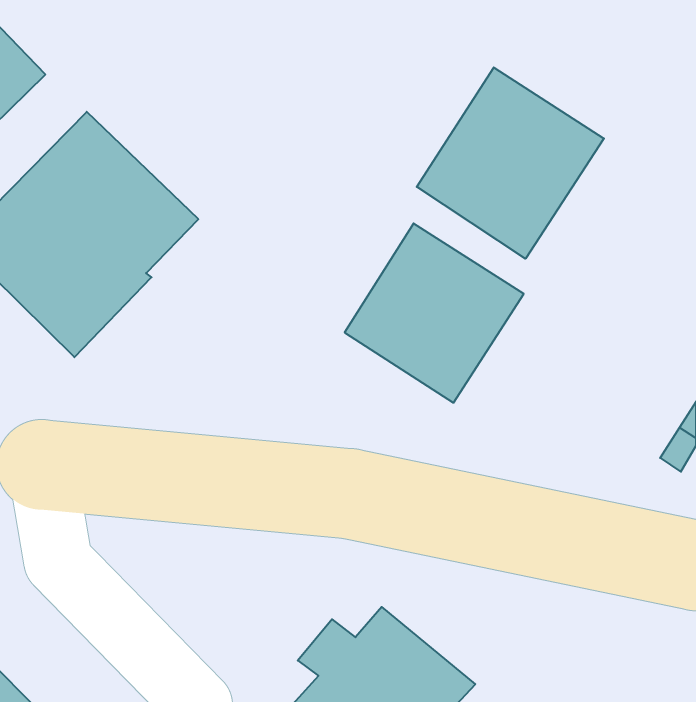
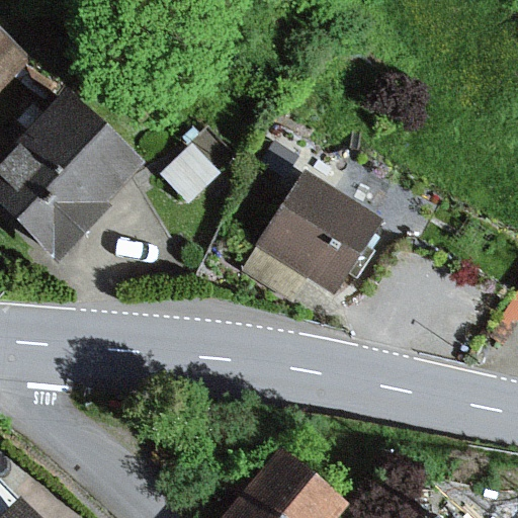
building: [417,67,604,259] -> none

